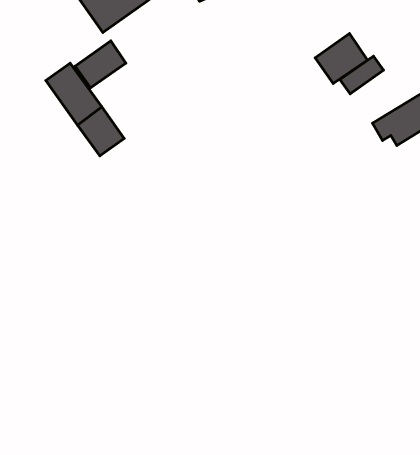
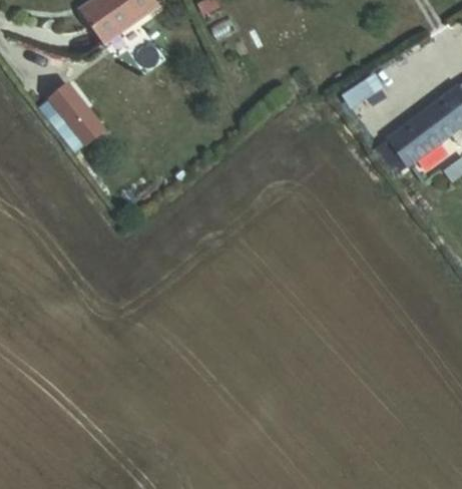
building: [315,34,367,84] -> none
building: [75,41,126,88] -> none

